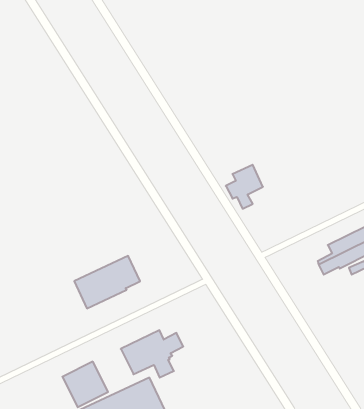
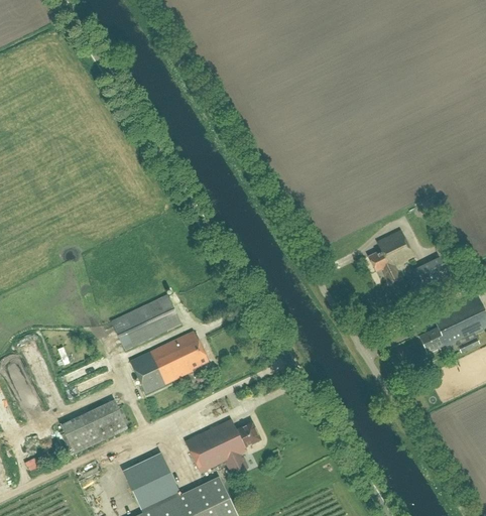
building: [226,165,263,209] -> [369,231,413,283]
building: none -> [414,260,445,286]
building: none -> [112,295,181,350]
building: none -> [62,399,128,454]

